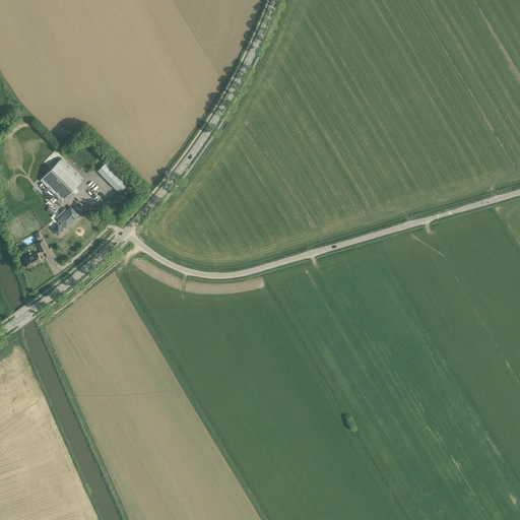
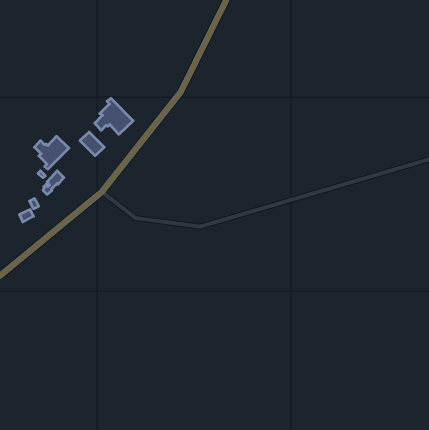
building: none -> [95,98,133,134]

